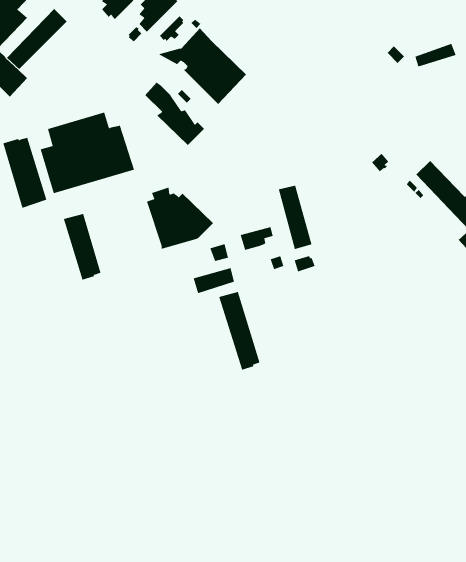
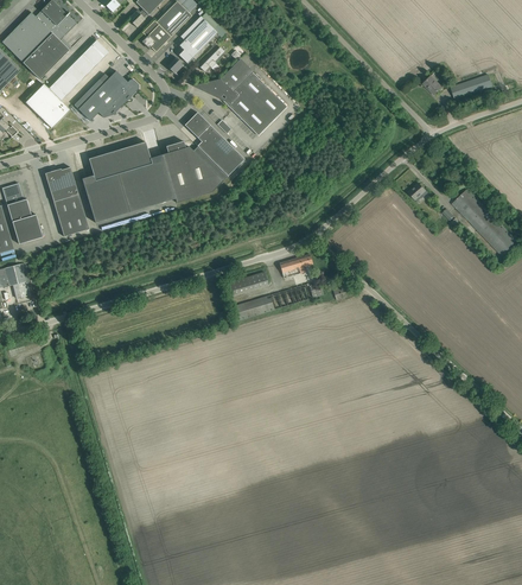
building: none -> [74,70,139,120]
building: [278,185,312,250] -> none
building: [146,187,214,250] -> [161,140,228,202]
building: [63,213,101,281] -> none
building: [218,291,260,371] -> none

